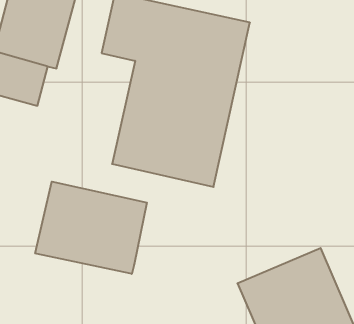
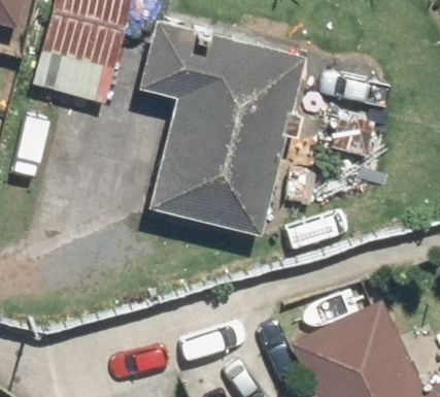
building: [35,182,147,274] -> none

